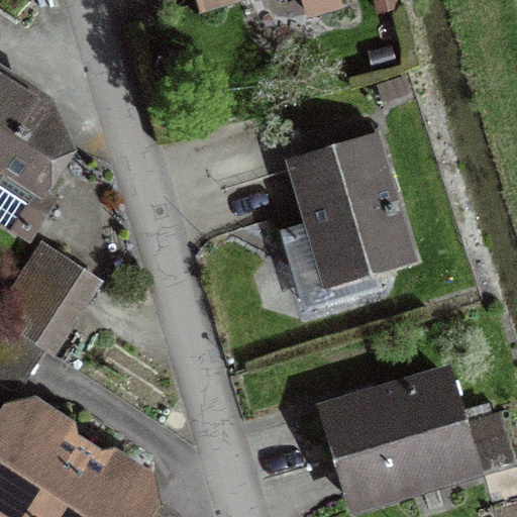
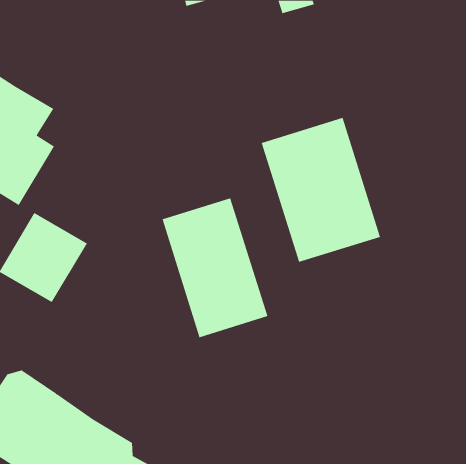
building: none -> [162,197,268,338]
building: [321,361,483,510] -> none

